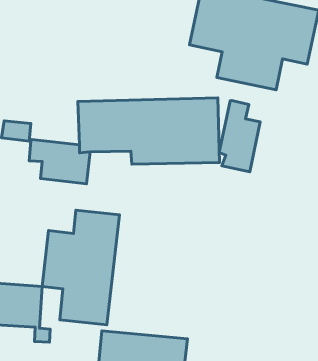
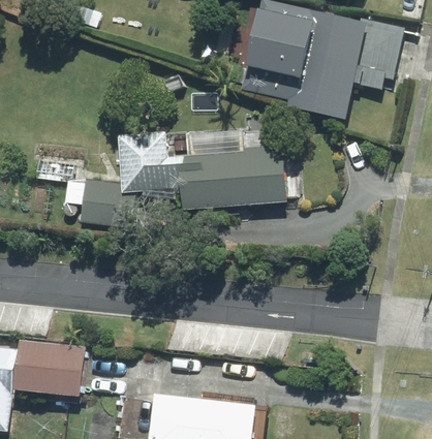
building: [219,101,260,172] -> none
building: [42,210,119,325] -> none

